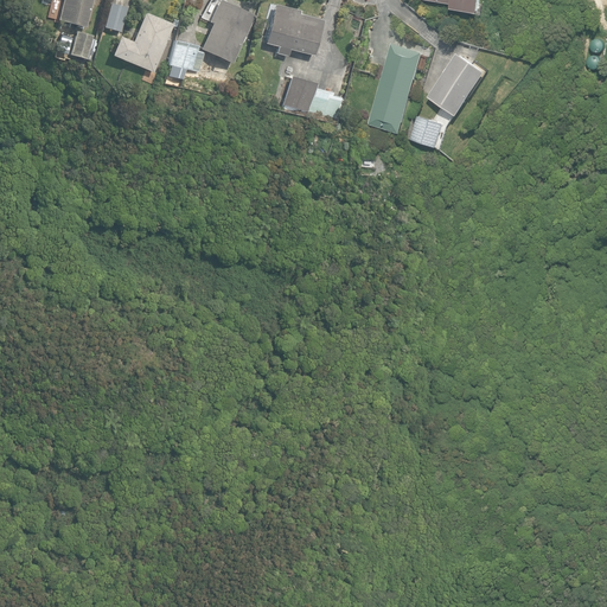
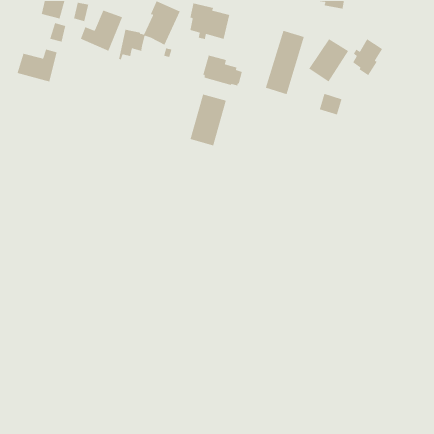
building: none -> [352,38,383,76]
building: none -> [17,48,58,83]
building: [411,115,445,147] -> [319,93,343,116]
building: none -> [190,93,227,146]

